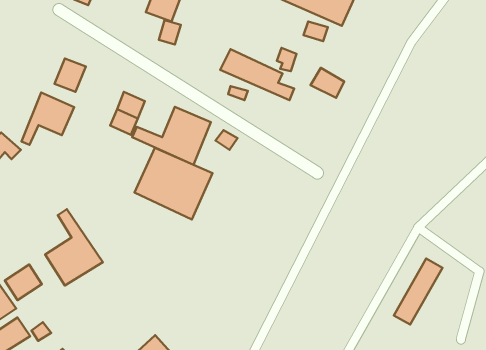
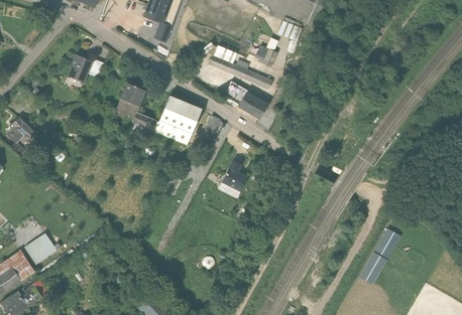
building: [311,68,344,98] -> [238,93,267,119]
building: [21,92,74,145] -> none
building: [134,148,212,219] -> none
building: none -> [222,161,247,192]
building: [45,209,103,286] -> none

